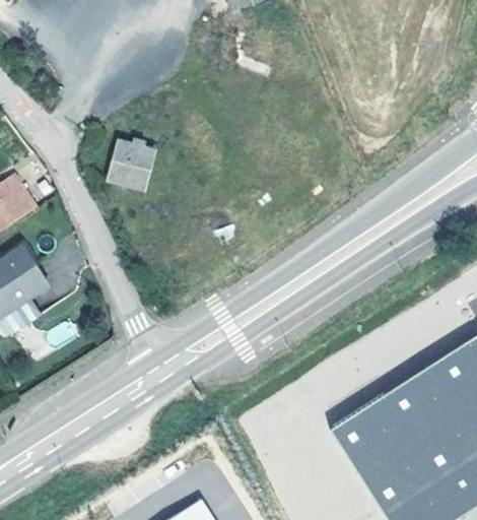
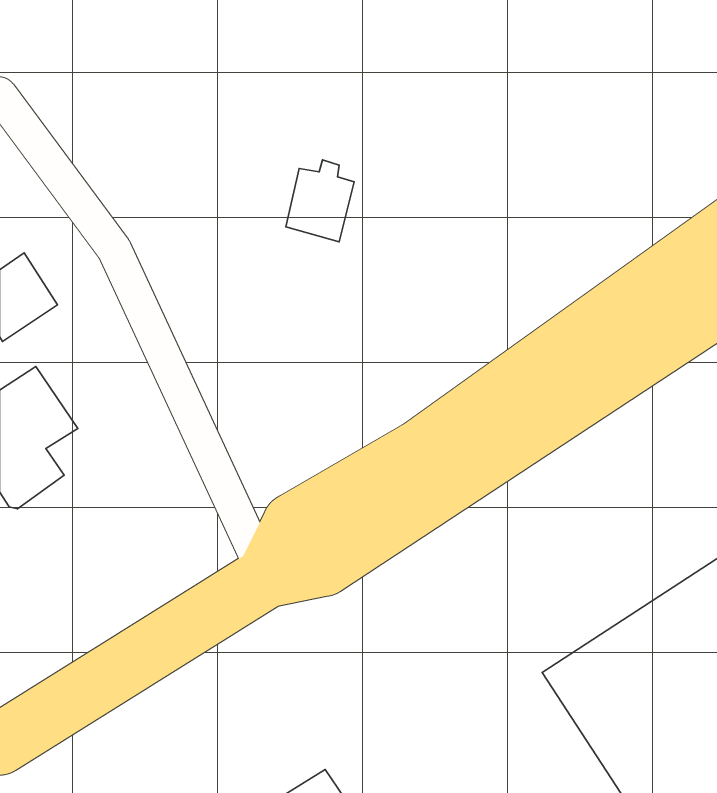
building: [112,138,153,188] -> [286,160,354,242]

